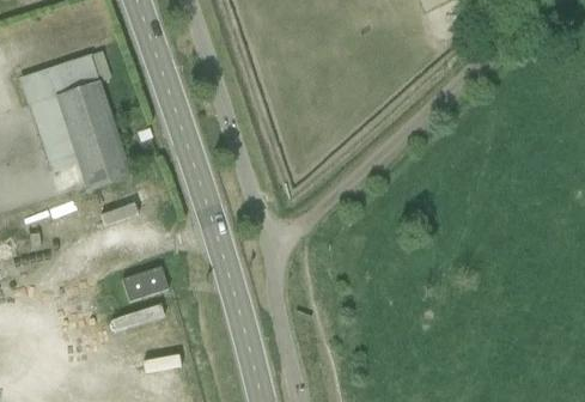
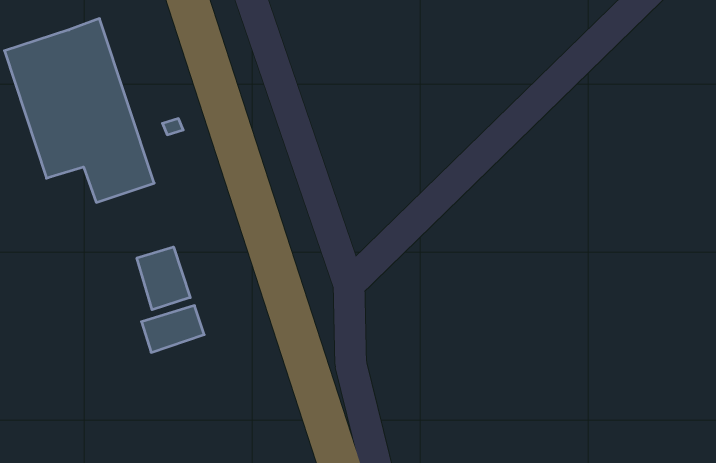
building: none -> [137,247,190,310]

